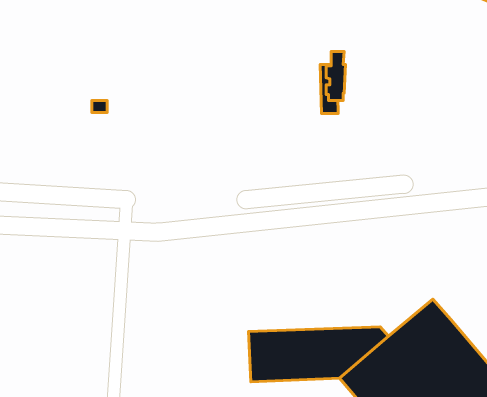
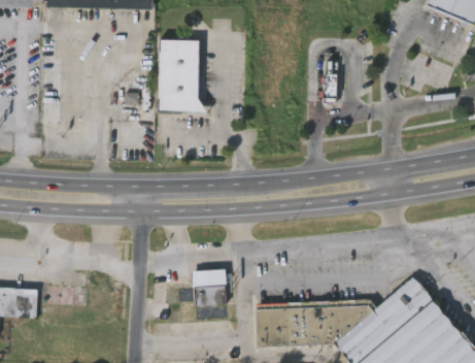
building: none -> [157,38,207,110]
building: none -> [192,269,227,310]

